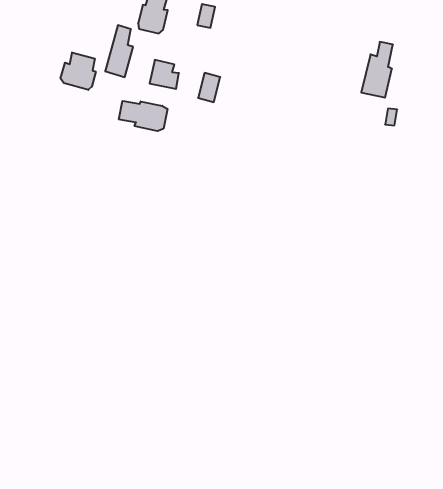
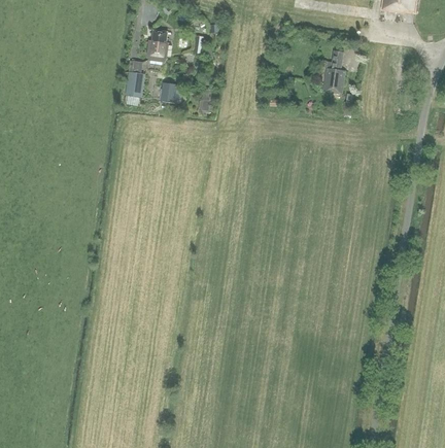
building: [61,52,96,90] -> none
building: [119,101,168,131] -> none

